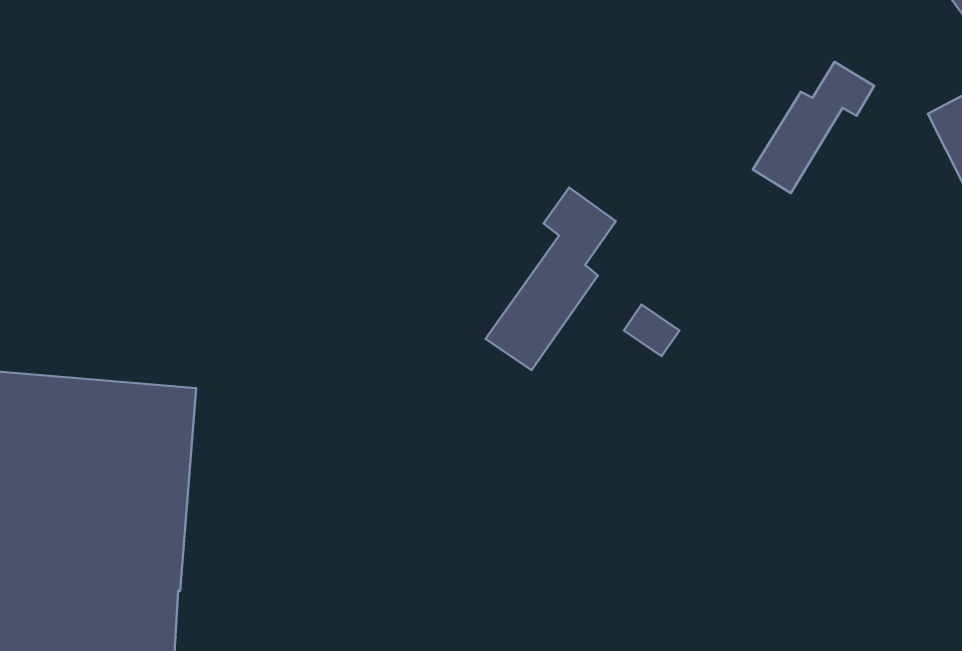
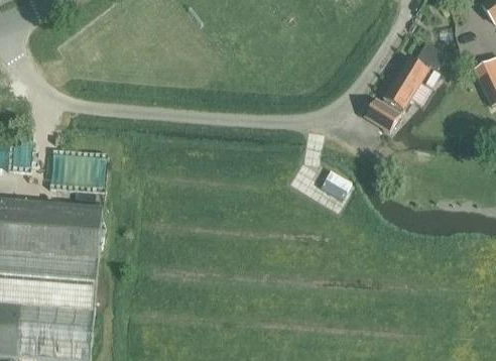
building: none -> [364,99,400,131]
building: [486,188,616,370] -> none

